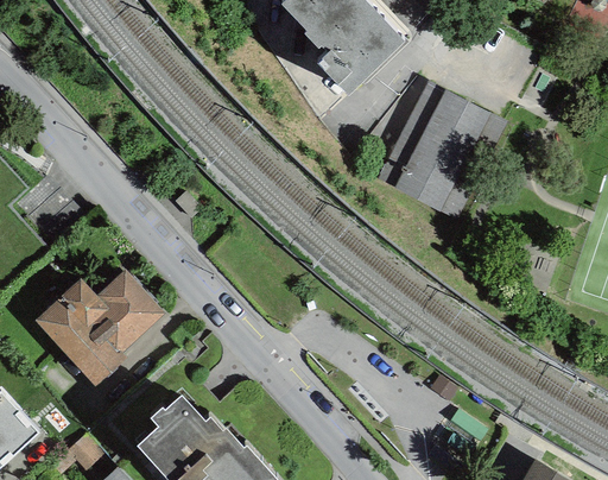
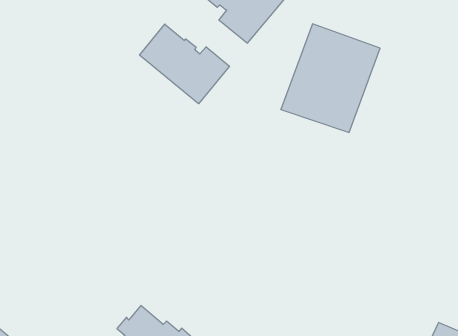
building: none -> [140,24,229,104]
building: [34,272,160,384] -> none

